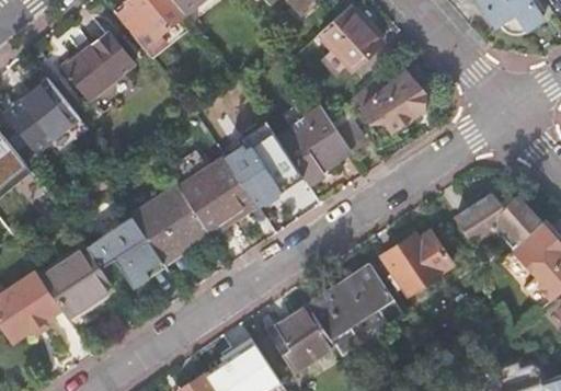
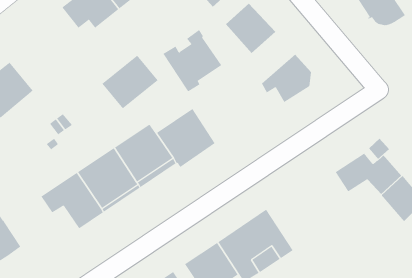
building: [62,31,134,99] -> [102,55,158,109]
building: [277,106,352,185] -> [163,29,222,92]
building: [382,230,454,294] -> none
building: [41,248,113,317] -> none

